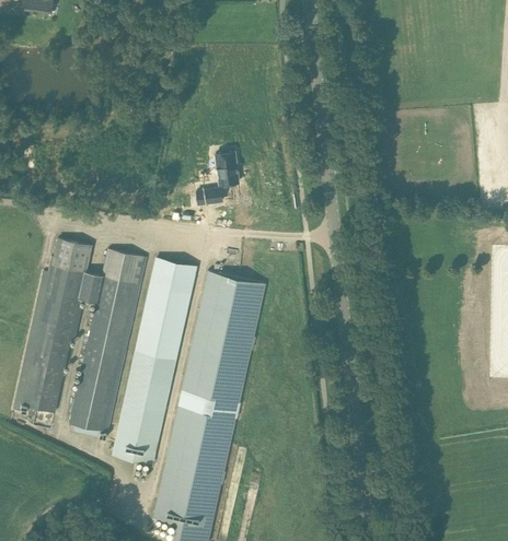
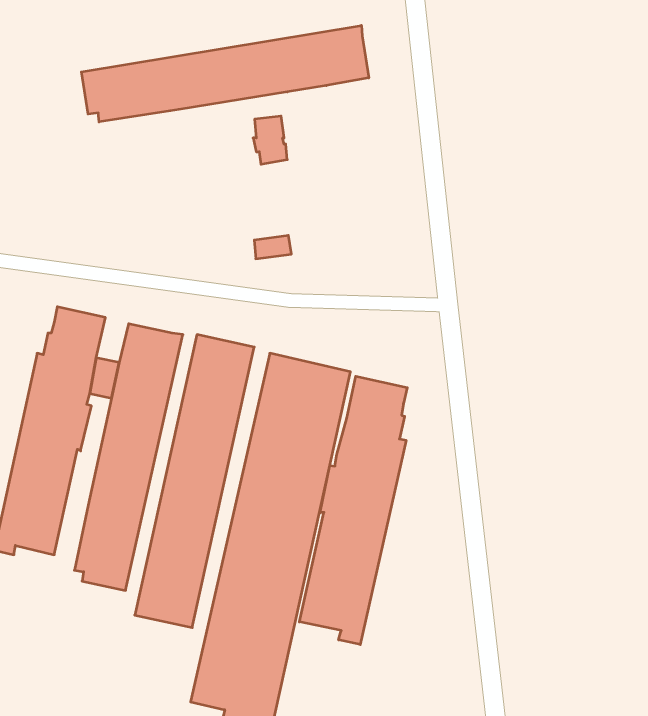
building: none -> [81,25,369,122]
building: [215,152,239,186] -> [253,116,287,164]
building: none -> [299,376,407,645]

